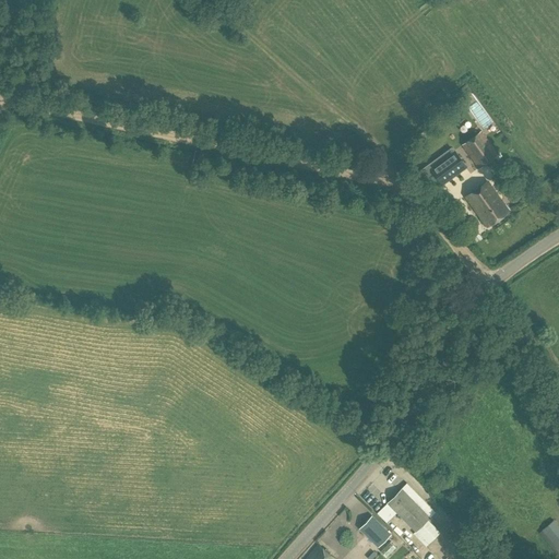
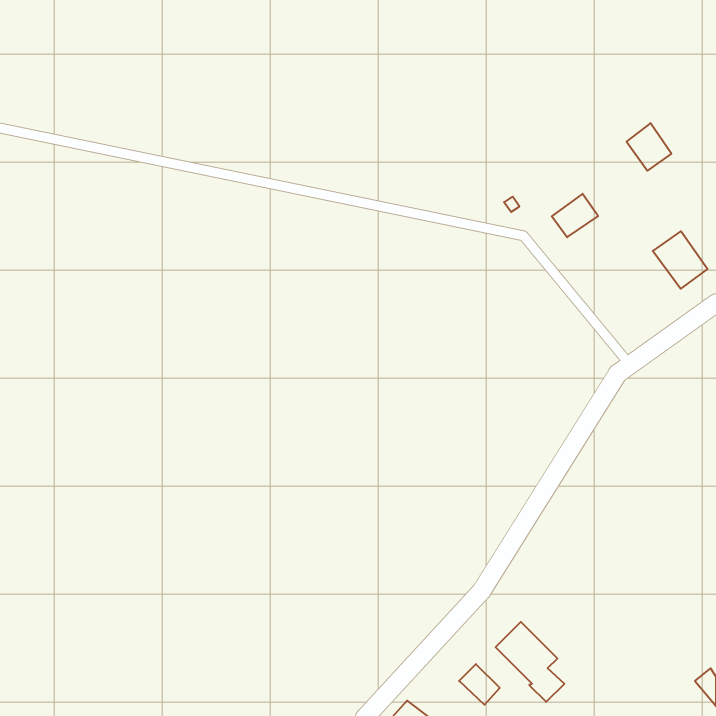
building: [462,132,497,169] -> [627,123,671,171]
building: [464,182,507,227] -> [653,231,708,289]

